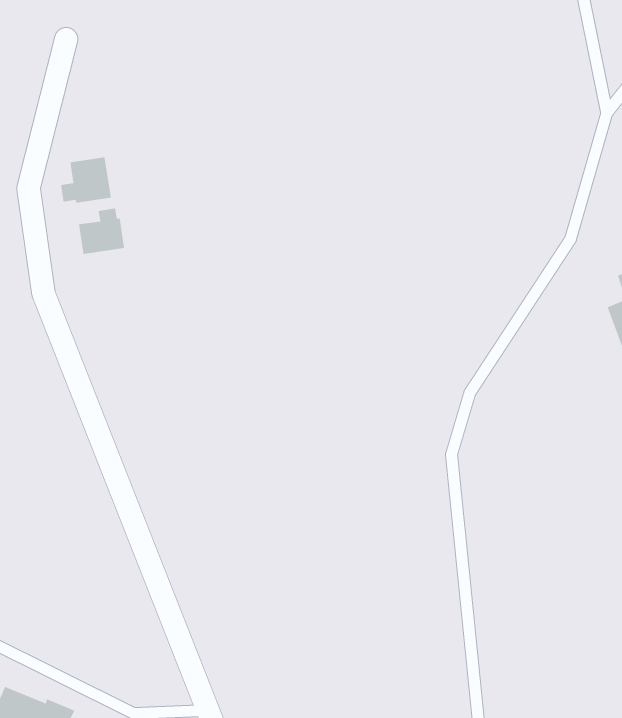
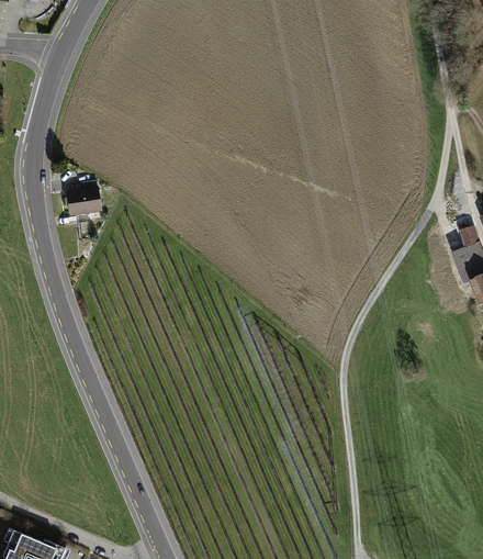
building: [61,157,112,203] -> none

